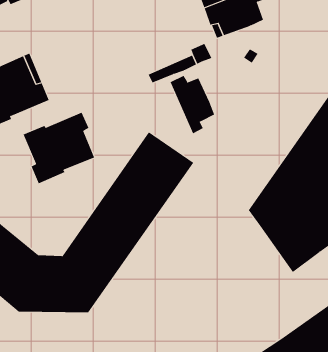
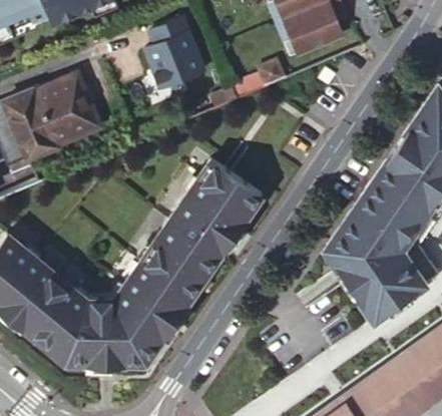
building: none -> [144,19,202,87]
building: [170,75,215,134] -> none
building: [23,112,95,184] -> none

